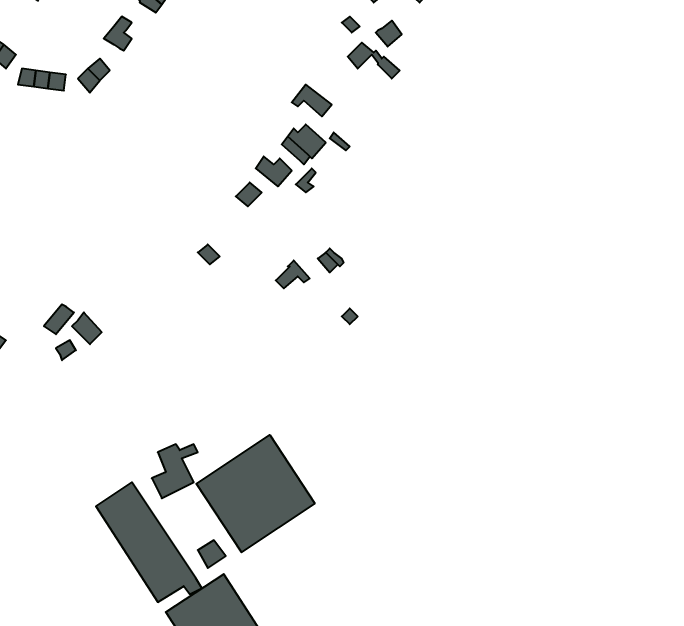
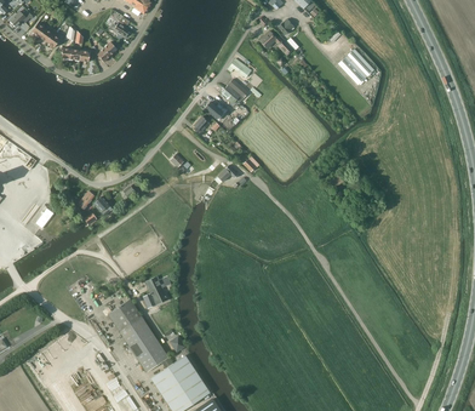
building: none -> [337,48,373,86]
building: [196,435,315,552] -> none

